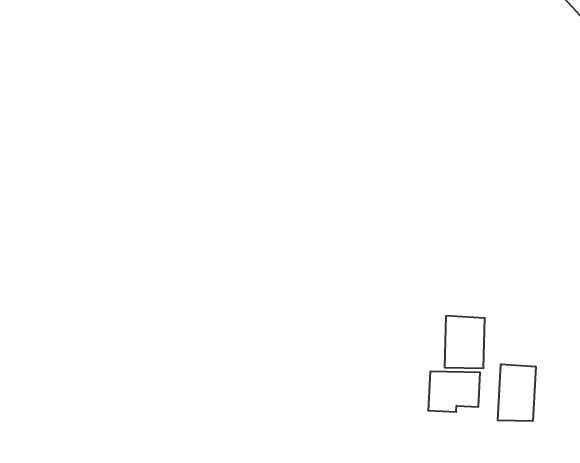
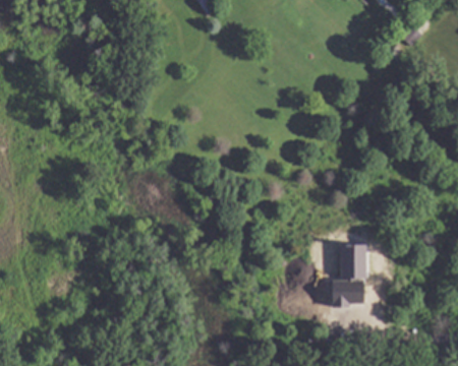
building: [498,364,536,421] -> none

